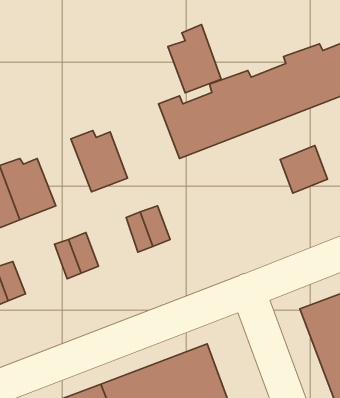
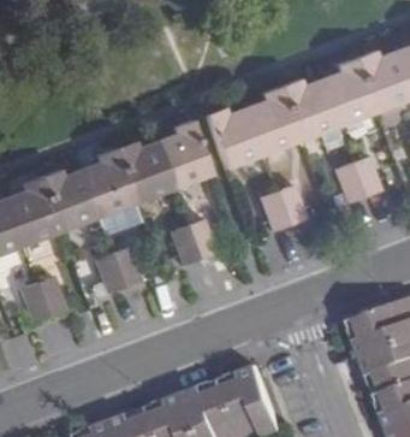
building: [168,25,221,93] -> [154,119,209,190]
building: none -> [78,149,135,219]
building: none -> [259,184,305,232]

